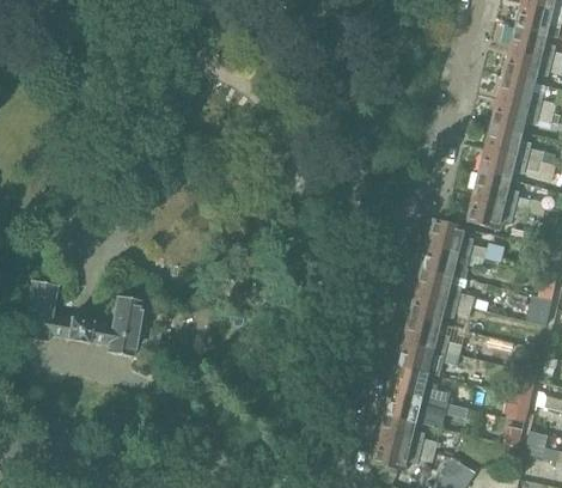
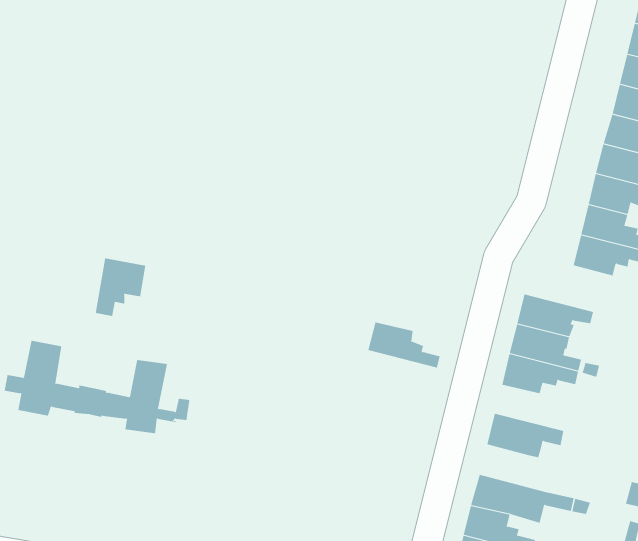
building: none -> [95,257,146,317]
building: [428,218,487,257] -> none
building: [404,316,463,353] -> [367,322,440,368]
building: [392,364,450,402] -> none

